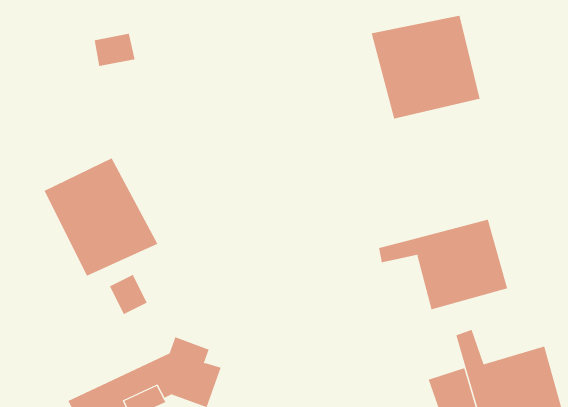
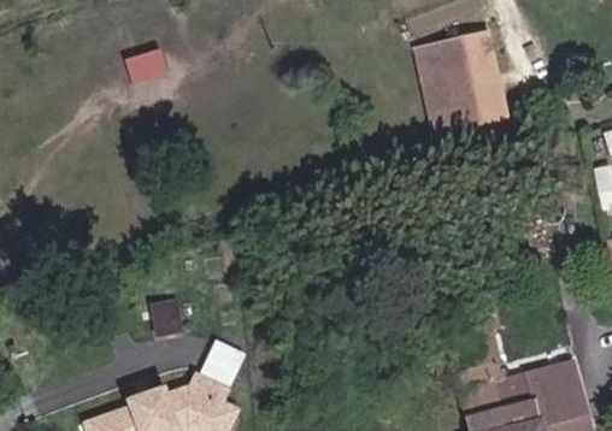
building: [44,157,158,277] -> none
building: [378,219,508,310] -> none

